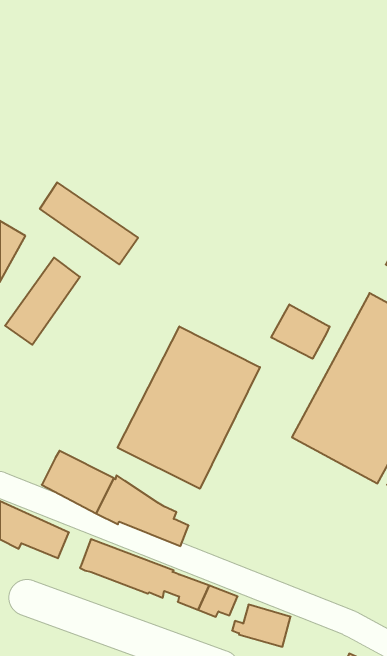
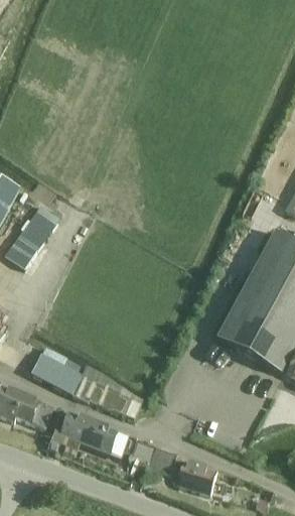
building: [40,182,138,264] -> none
building: [271,304,330,359] -> none
building: [118,326,260,489] -> none

